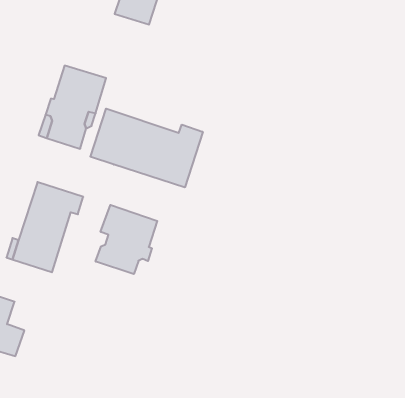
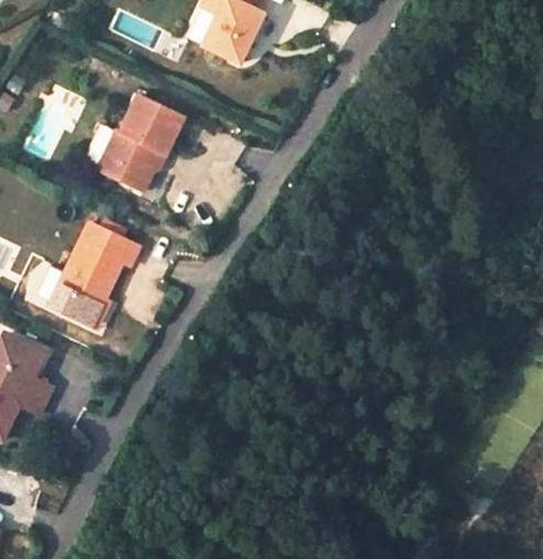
building: [90,109,203,187] -> none
building: [96,205,157,274] -> none

